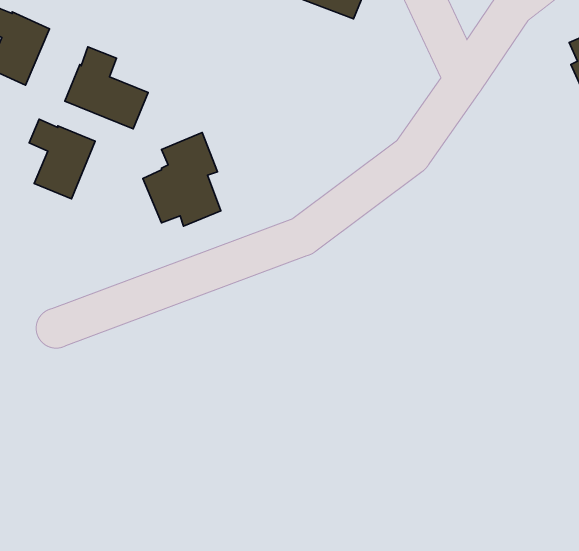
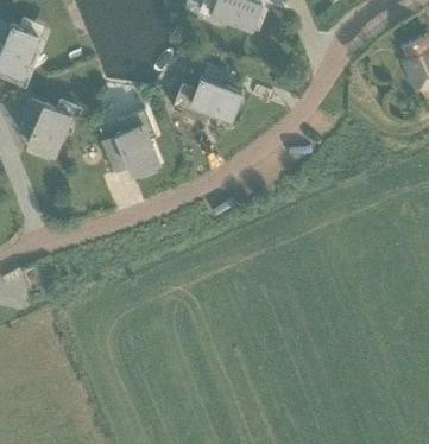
building: [65,47,148,129] -> none
building: none -> [177,64,242,119]

